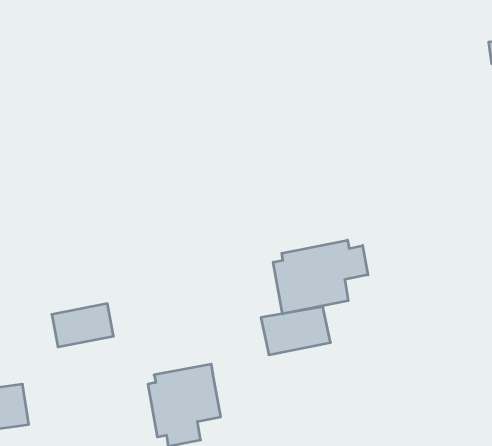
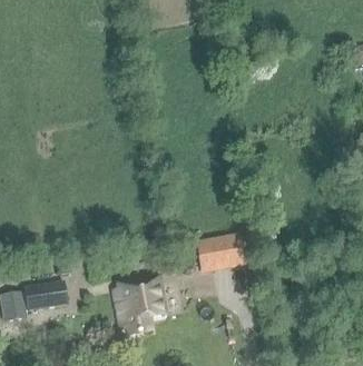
building: [273,240,368,314] -> none
building: [52,304,114,347] -> [23,280,68,311]

